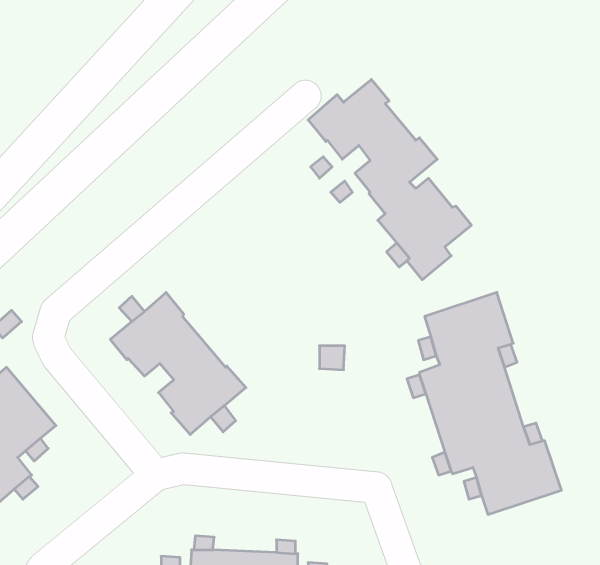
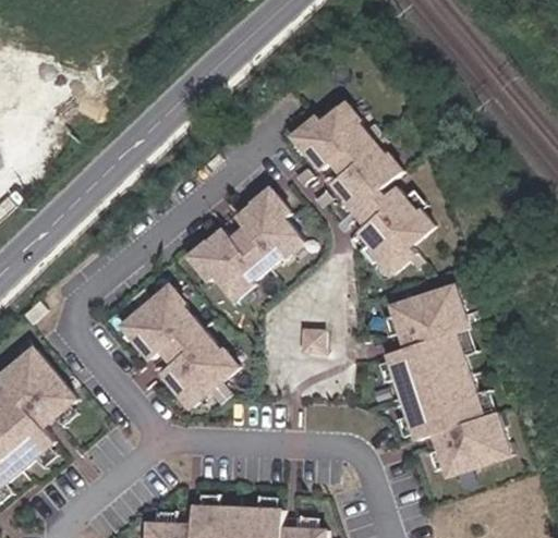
building: none -> [187,187,303,298]

